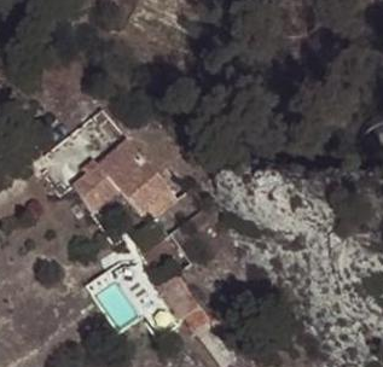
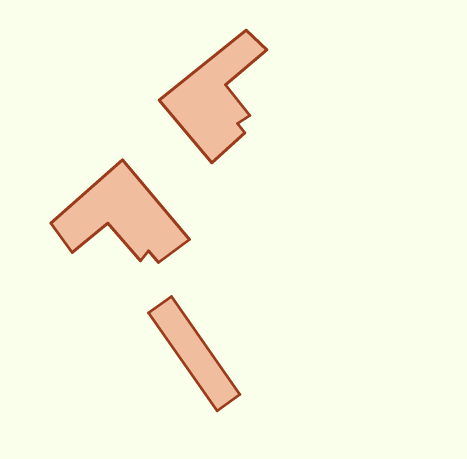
building: none -> [159,30,267,163]

